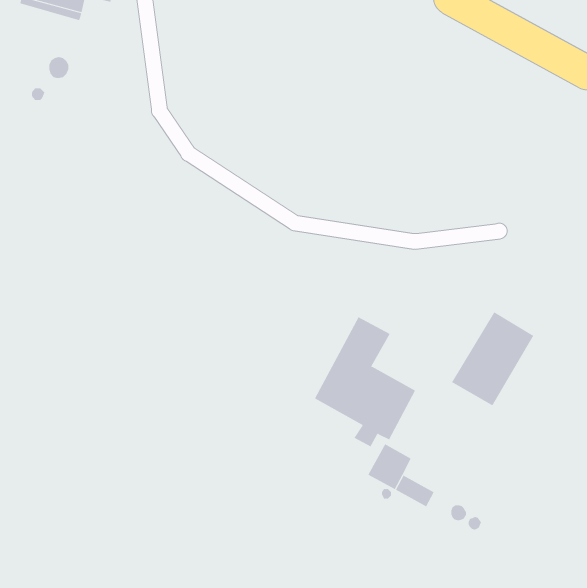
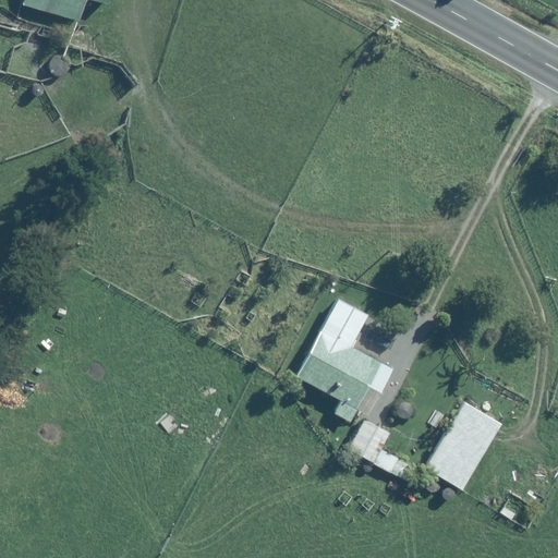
building: [451,312,534,406] -> [423,401,501,490]

